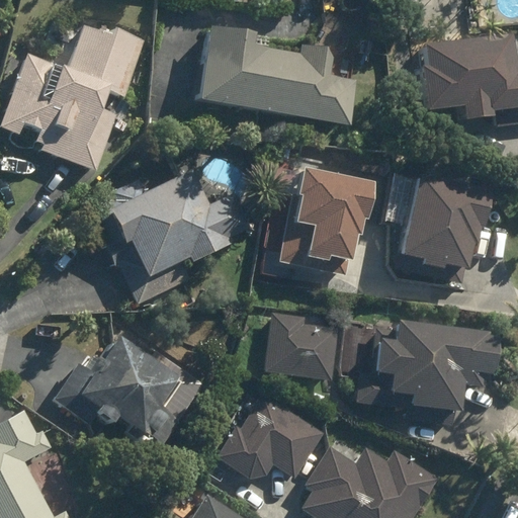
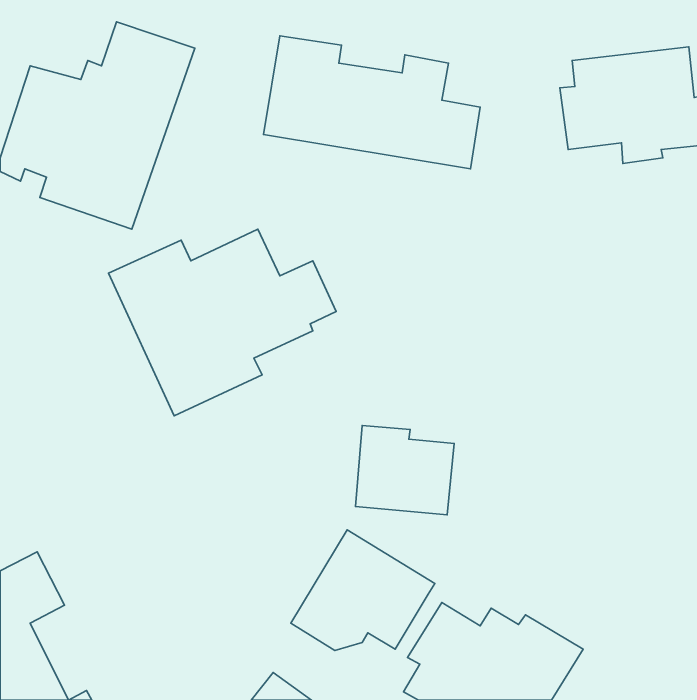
building: [272,163,370,271] -> none
building: [395,175,489,288] -> none
building: [355,323,496,425] -> none
building: [54,336,208,447] -> none

